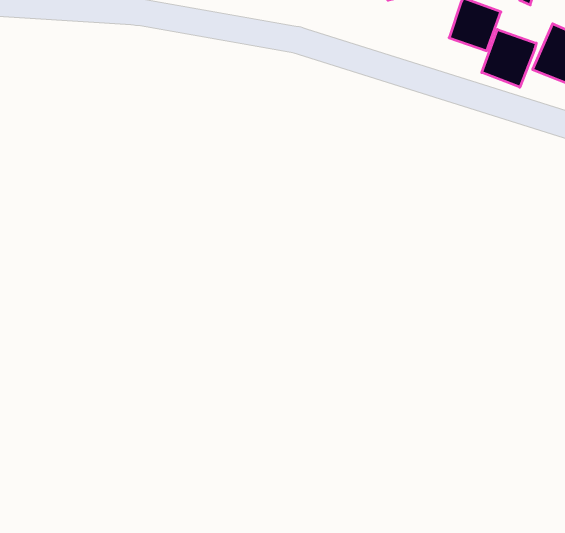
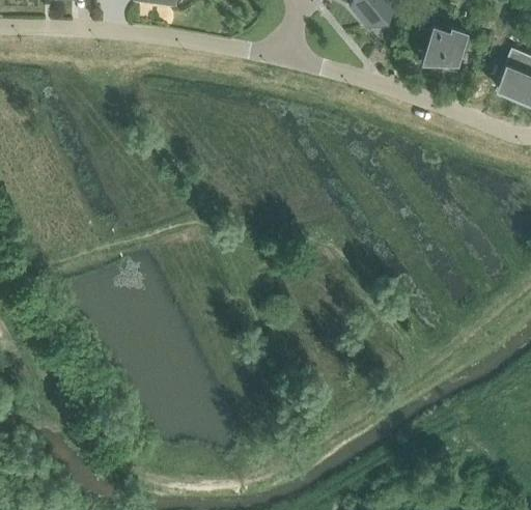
building: [482,29,536,87] -> none

